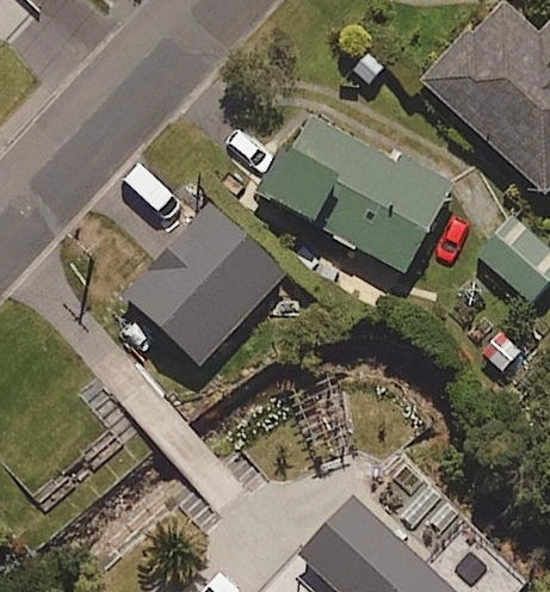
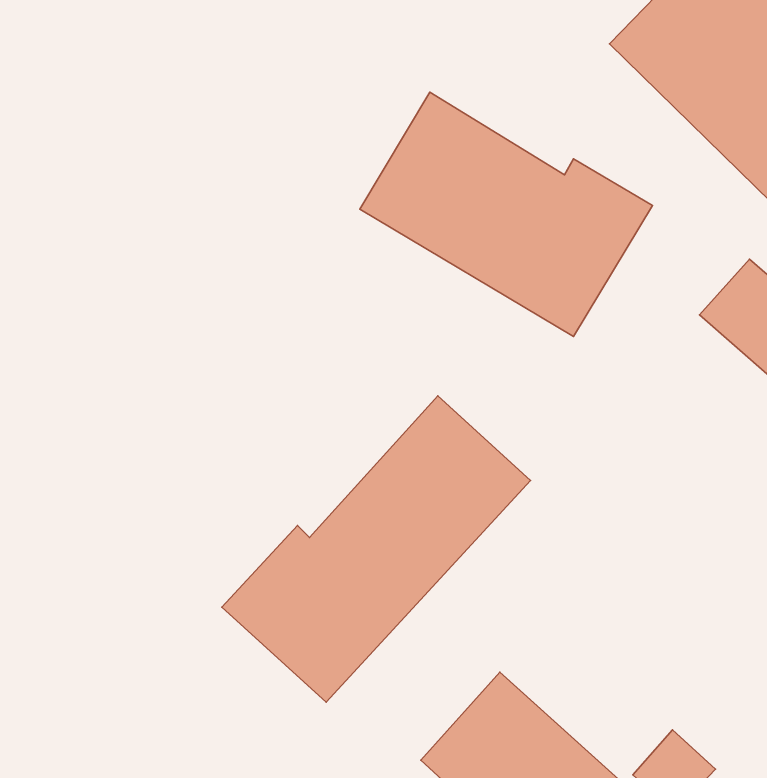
building: [124,203,285,365] -> none
building: none -> [222,396,531,702]

